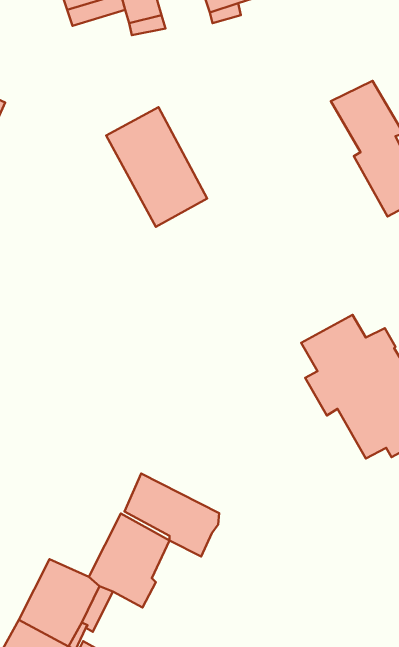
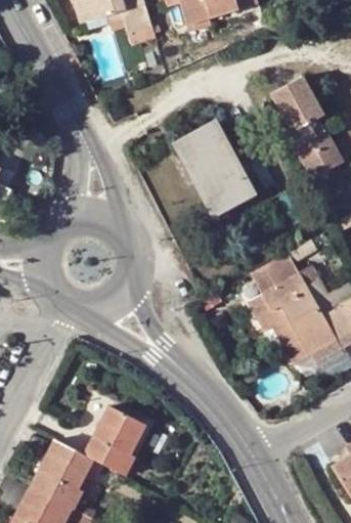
building: [106,107,207,227] -> [175,123,252,214]
building: [124,473,219,556] -> none

